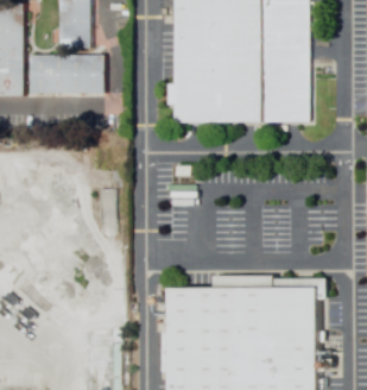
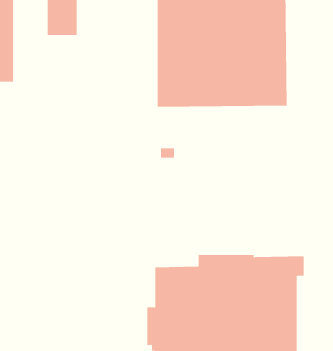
building: [30,56,103,94] -> none

